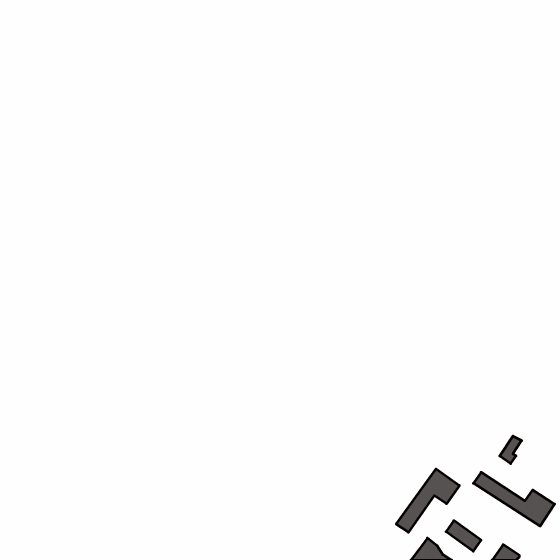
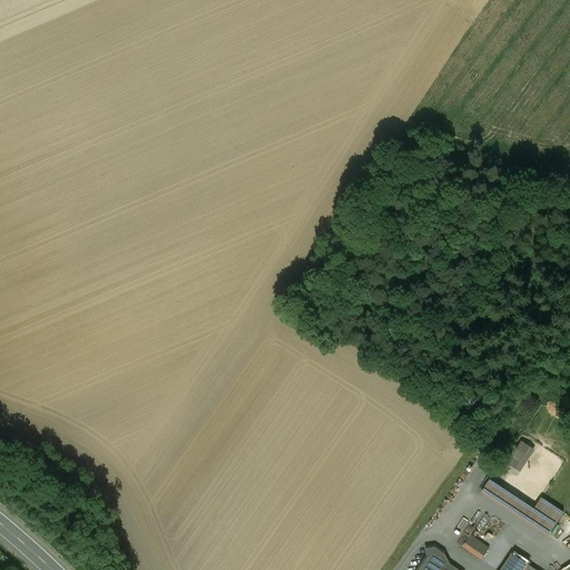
building: [396,469,459,532] -> none

